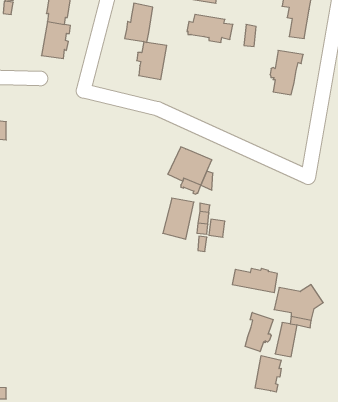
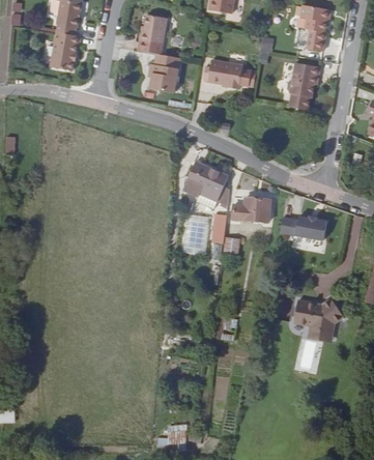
building: [187,14,233,42] -> [204,60,252,89]
building: none -> [232,197,269,221]
building: [232,268,277,293] -> [278,217,324,241]
building: [245,312,273,352] -> none
building: [255,356,281,392] -> none

